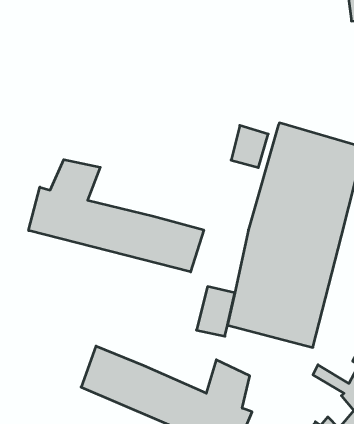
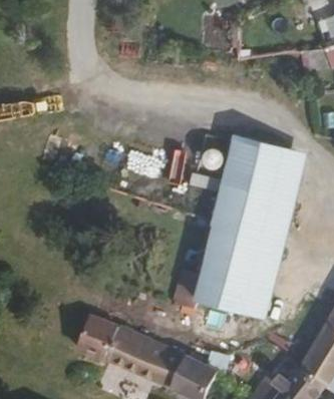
building: [29,160,204,272] -> none

